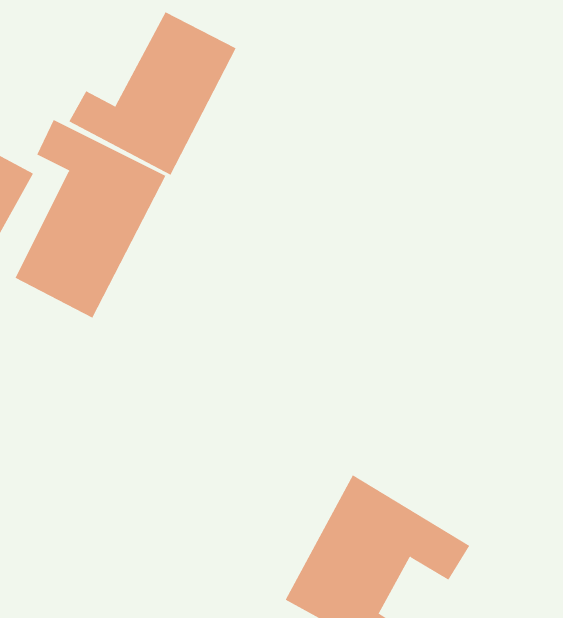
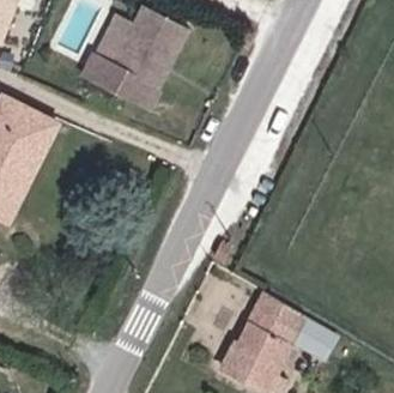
building: [15,119,166,318] -> none

